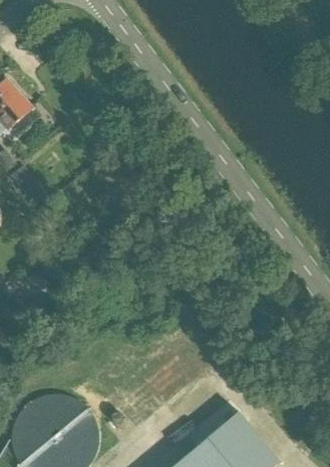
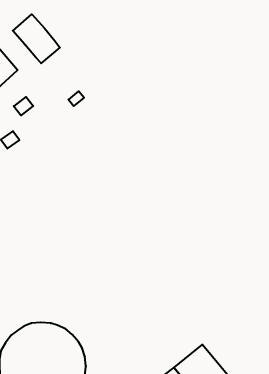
building: none -> [13,14,60,63]

